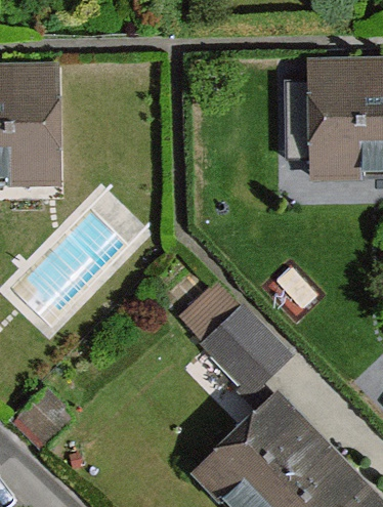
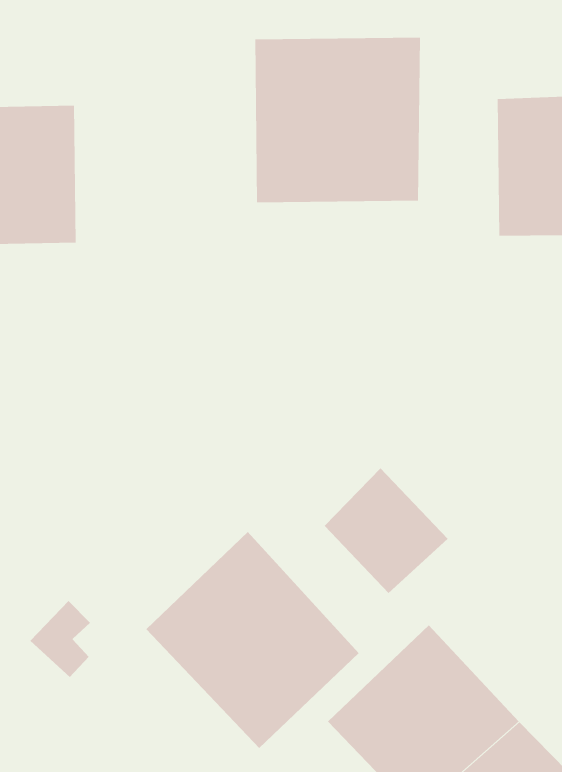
building: none -> [255,37,421,203]
building: none -> [145,531,359,749]

